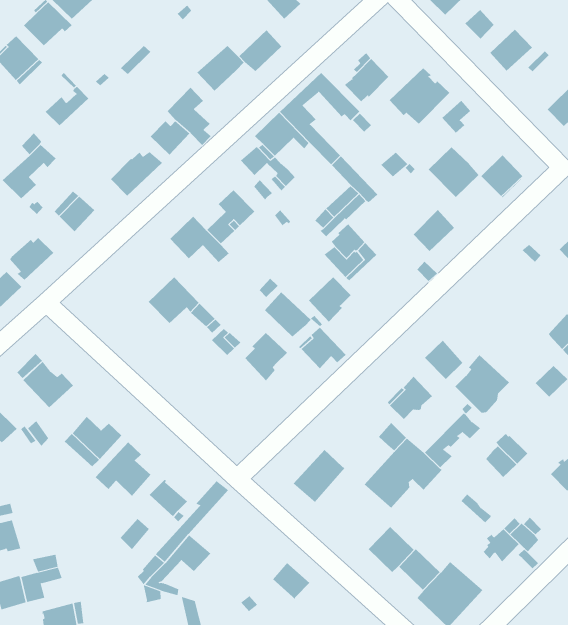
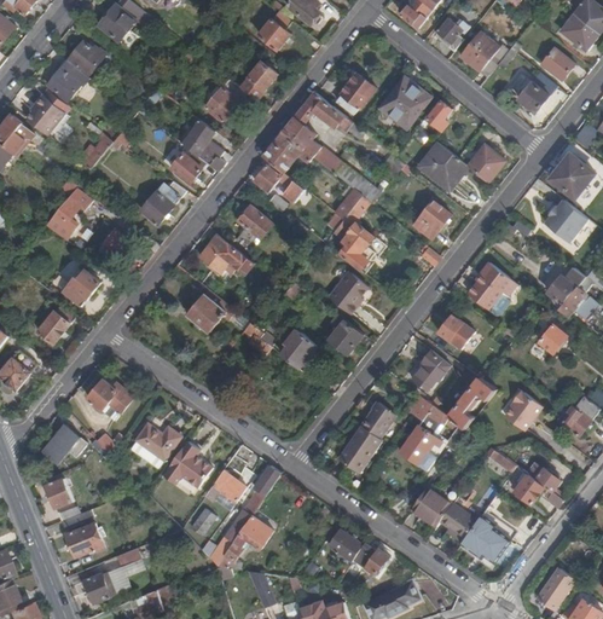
building: [264,292,311,337] -> none
building: [454,354,510,413] -> [466,261,515,313]
building: none -> [360,400,395,438]
building: none -> [352,542,388,573]

